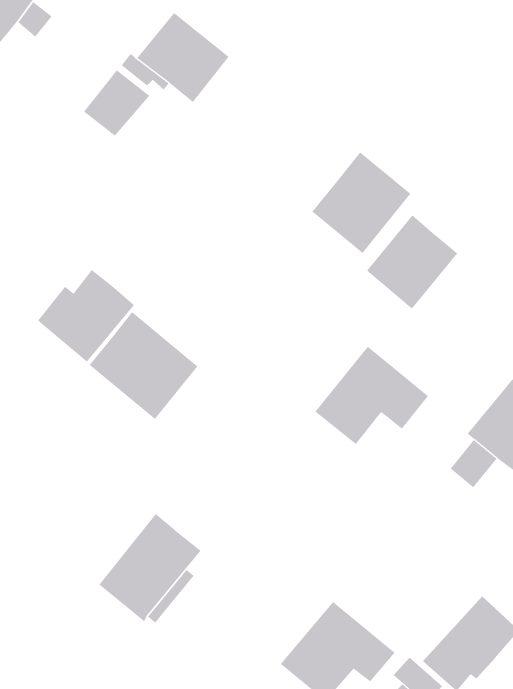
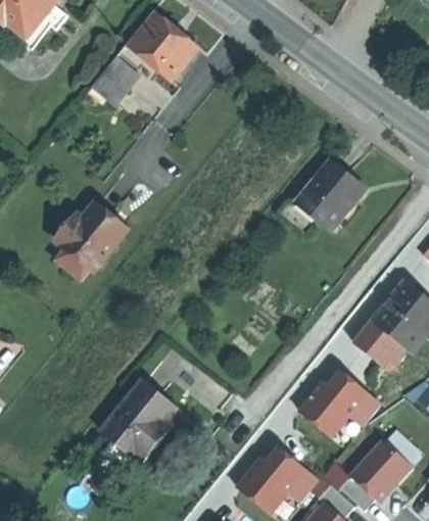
building: [311,151,411,254] -> none
building: [89,311,198,420] -> none
building: [314,346,429,445] -> [298,367,382,439]

